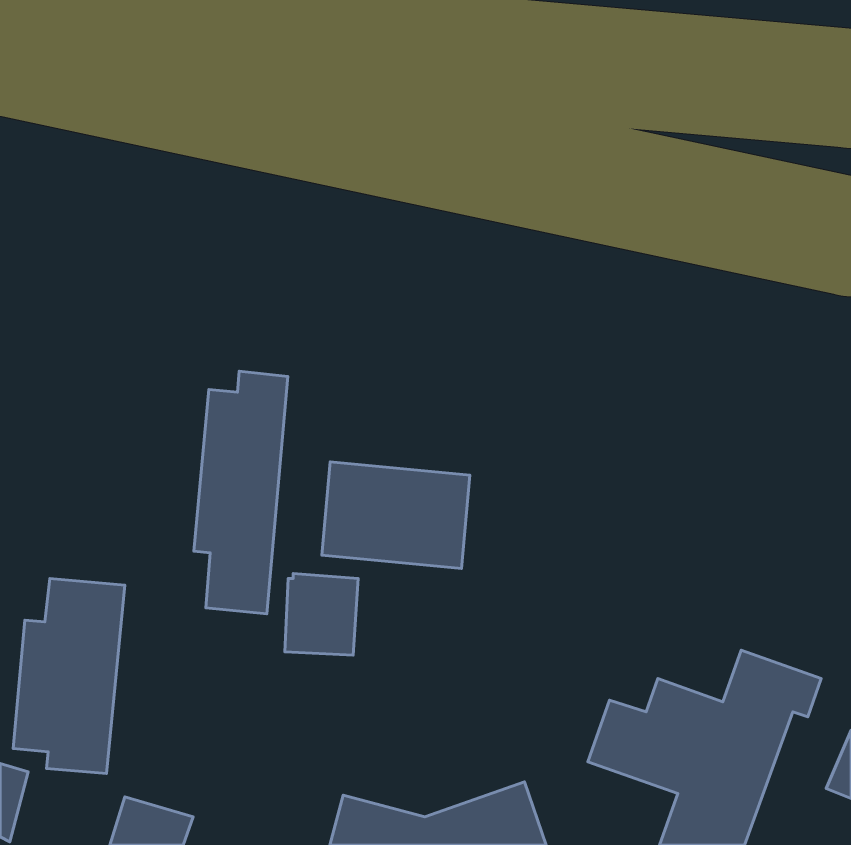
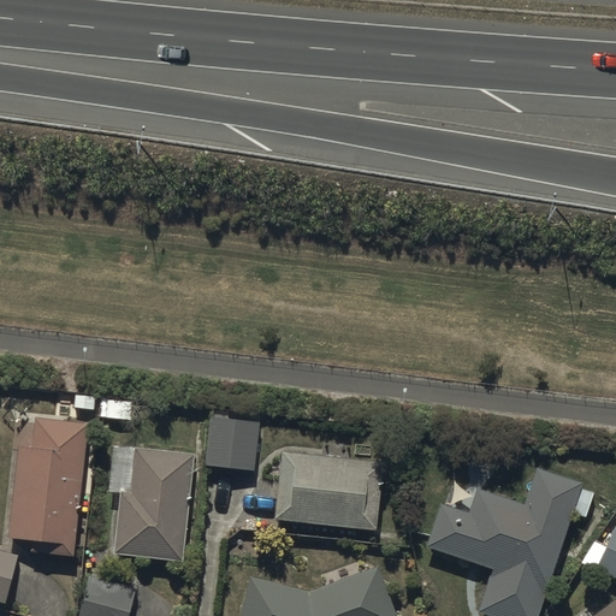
building: [194,371,288,614] -> none
building: [322,462,470,569] -> [273,454,380,531]
building: none -> [109,448,191,563]

